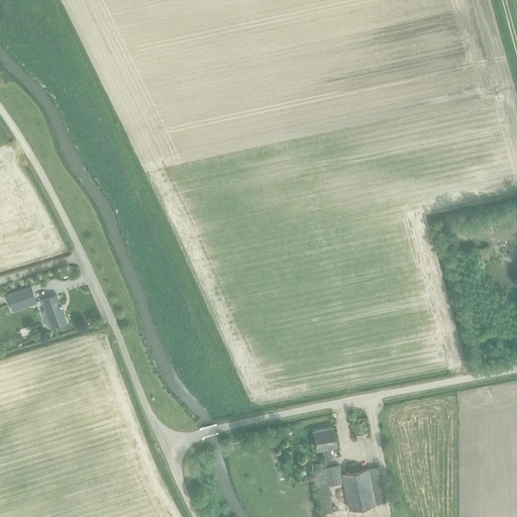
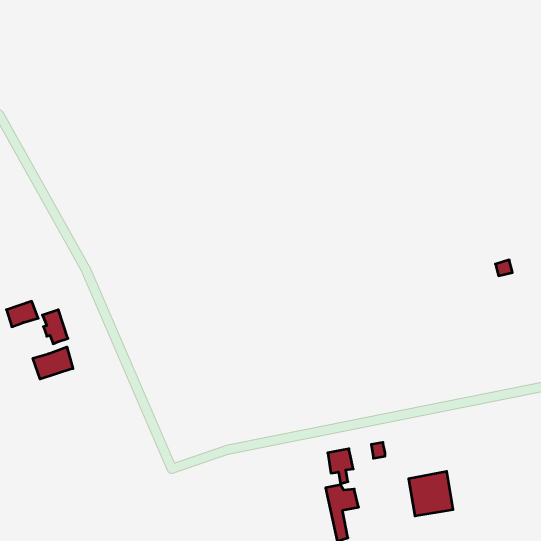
building: none -> [33,347,73,379]
building: [341,468,384,510] -> [409,471,453,516]

